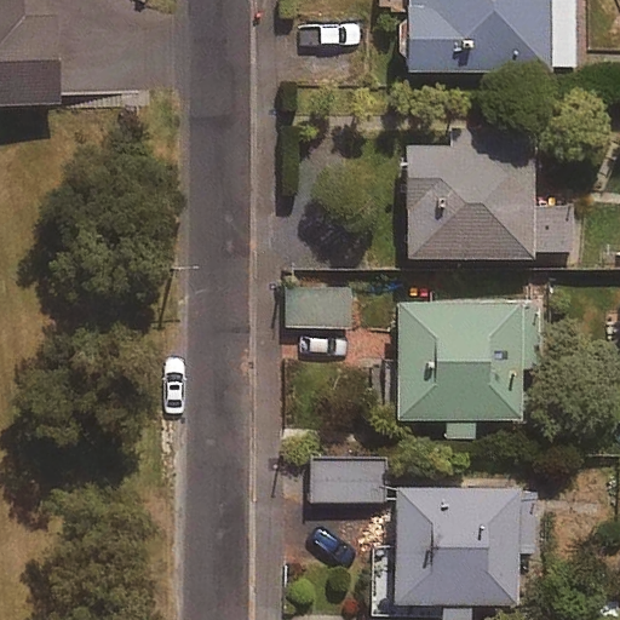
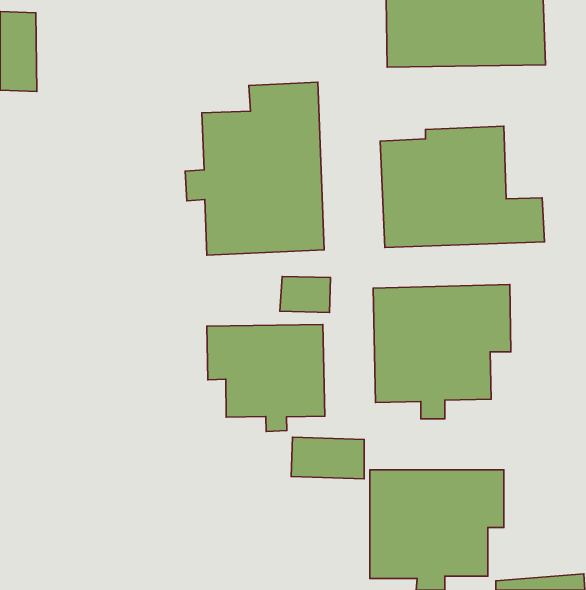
building: none -> [185,82,324,255]
building: none -> [207,324,325,431]

